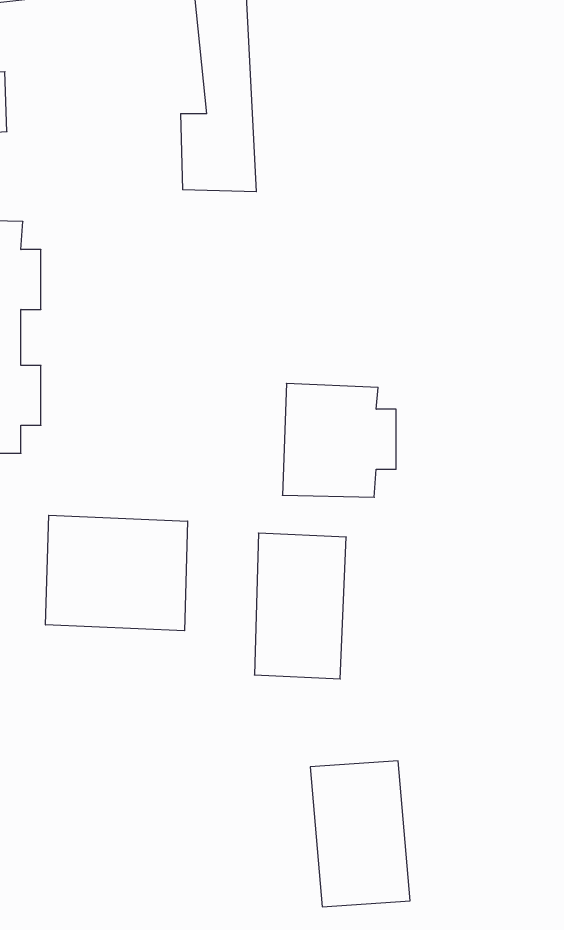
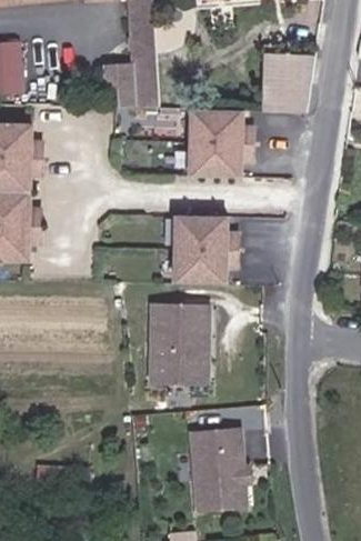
building: none -> [262,54,313,112]
building: none -> [188,109,250,179]
building: [46,515,188,631] -> none

